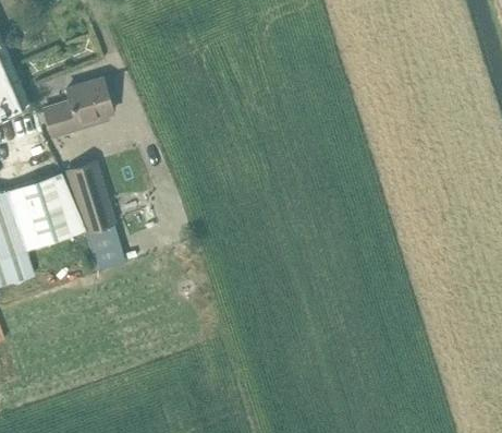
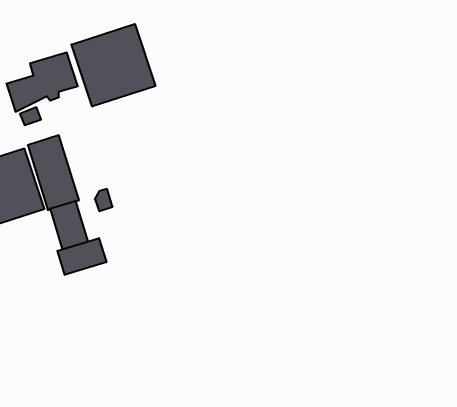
building: none -> [71,24,155,107]
building: none -> [57,238,106,275]

